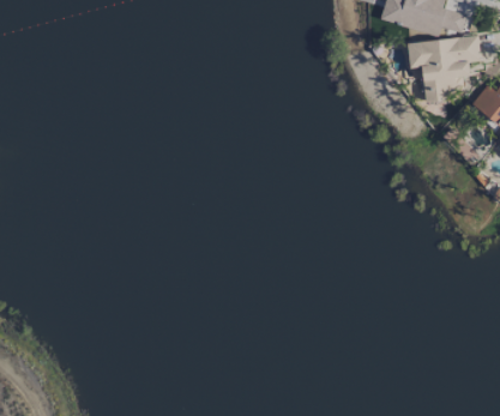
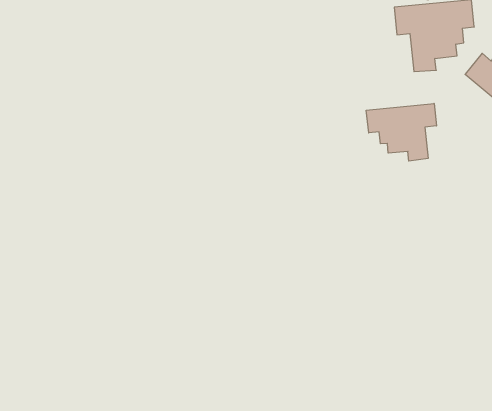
building: none -> [366,103,436,161]

